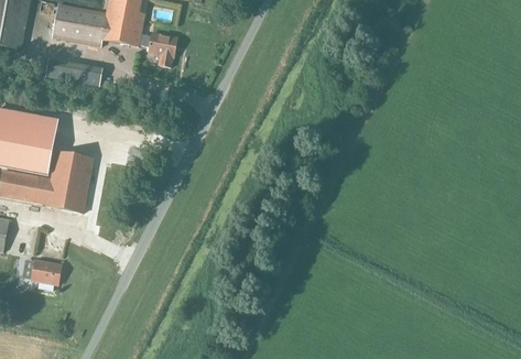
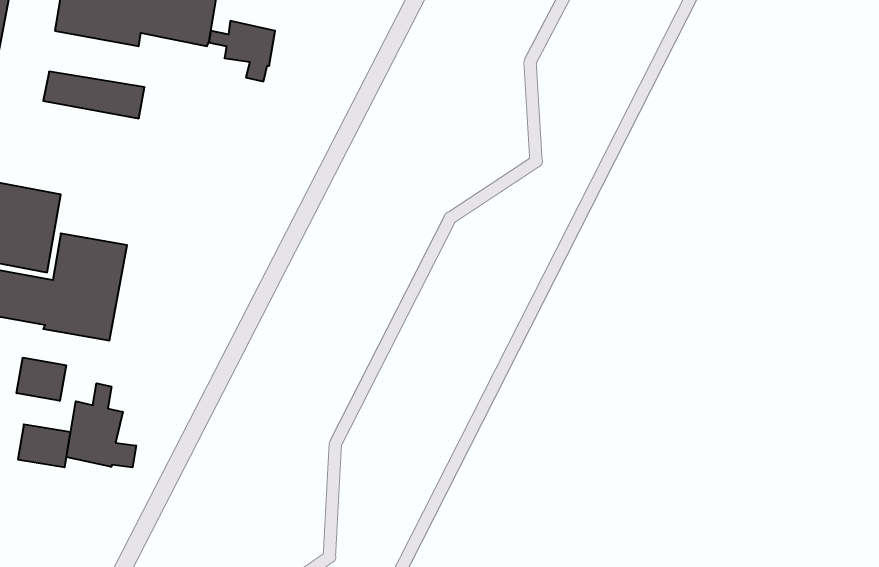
building: none -> [17,358,66,401]
building: none -> [66,383,136,467]

